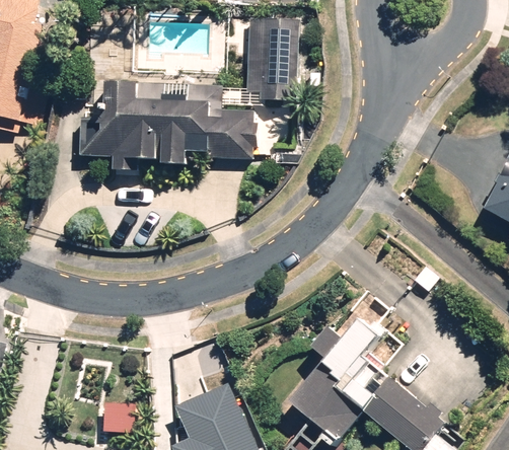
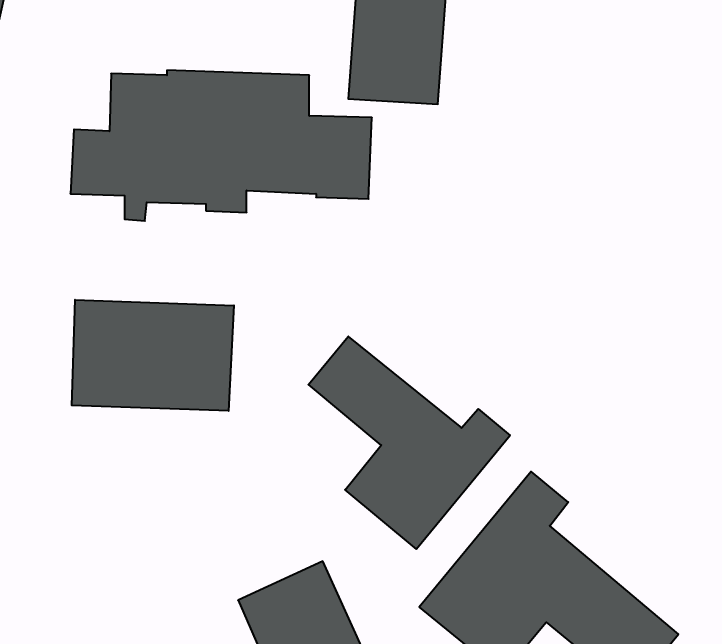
building: none -> [72,300,234,411]
building: none -> [308,336,510,549]

